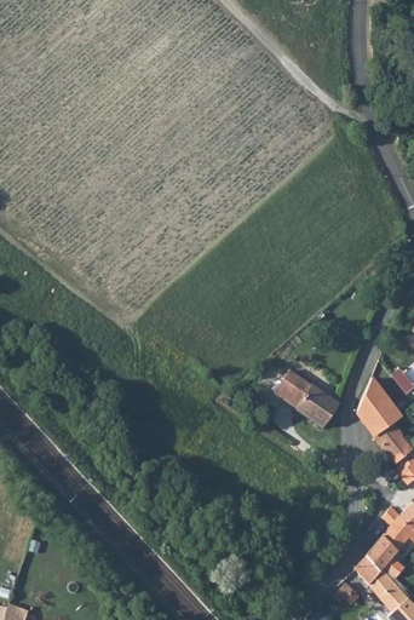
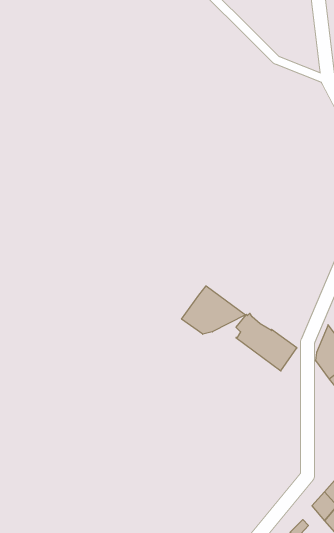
building: none -> [182,286,246,334]

